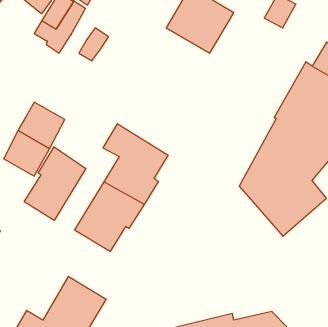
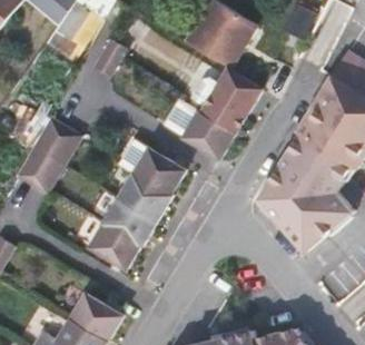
building: none -> [165,67,260,156]
building: [24,147,86,220] -> none

